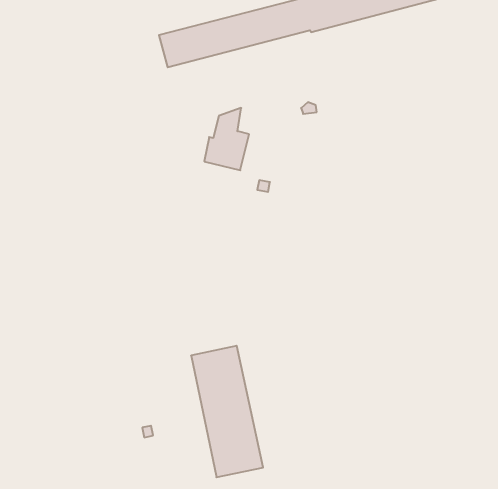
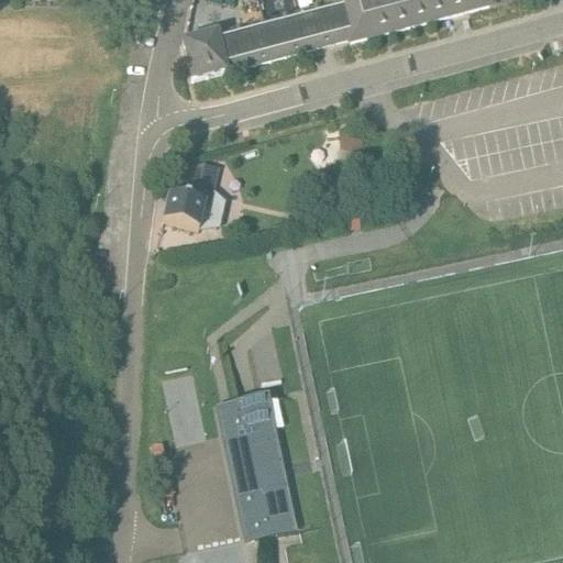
building: [204,108,249,170] -> [163,156,213,227]

